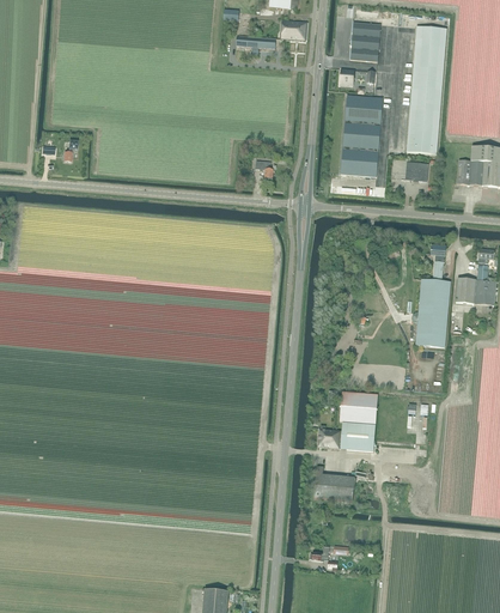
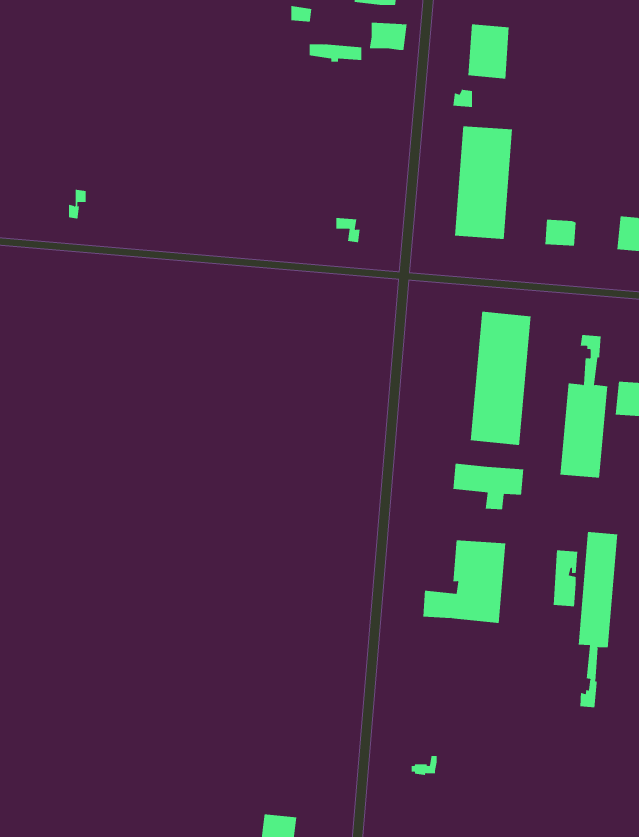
building: [407,25,446,153] -> none
building: none -> [470,311,531,446]
building: none -> [453,463,524,510]
building: none -> [578,531,618,708]
building: [315,466,355,500] -> none

